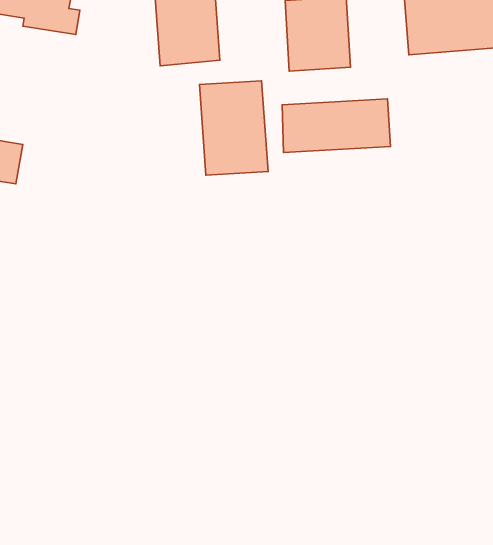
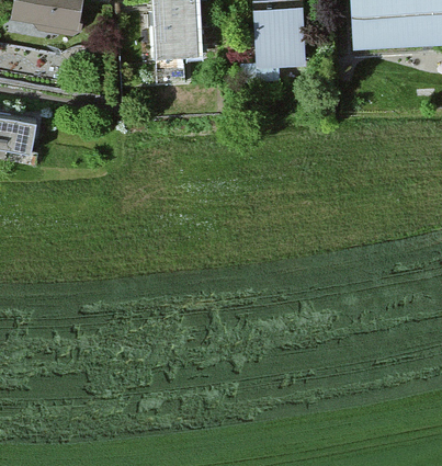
building: [199,81,268,175] -> none
building: [282,99,390,153] -> none

